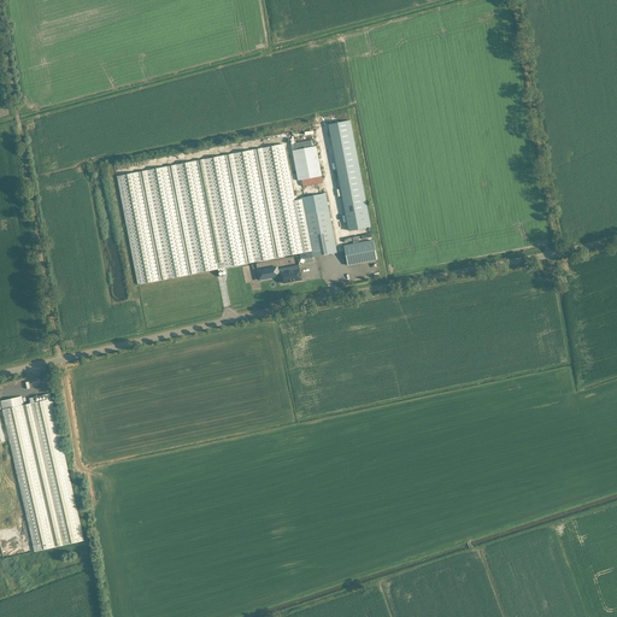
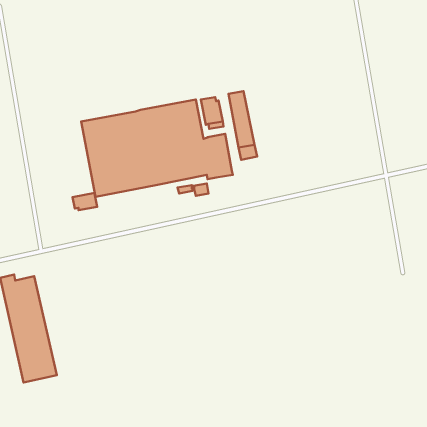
building: [342,240,375,264] -> none
building: none -> [72,193,97,210]

